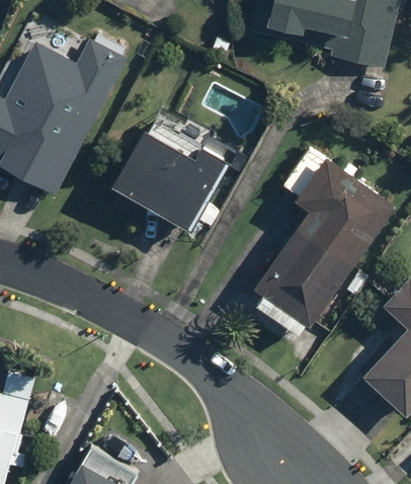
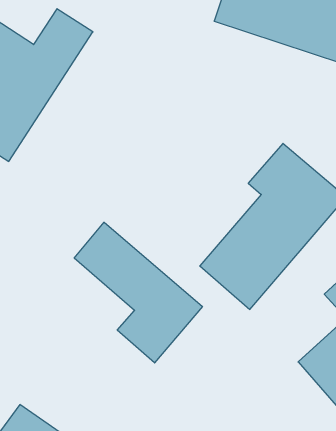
building: [113,128,233,230] -> none
building: none -> [74,222,202,363]

